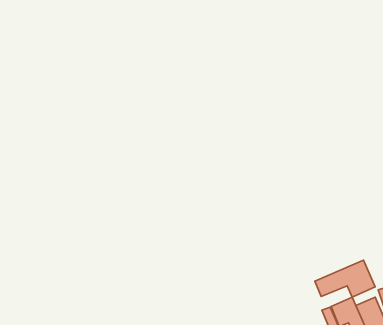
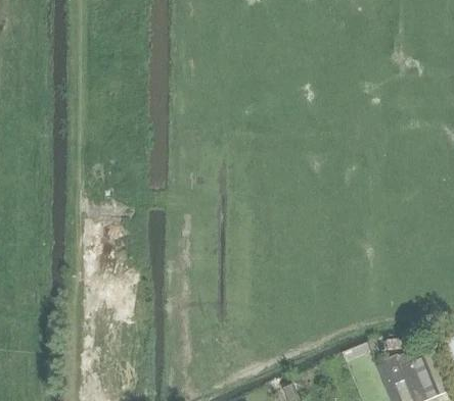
building: [315,260,375,297] -> none

